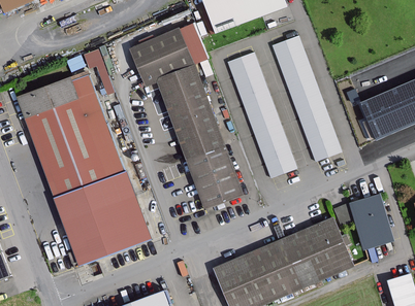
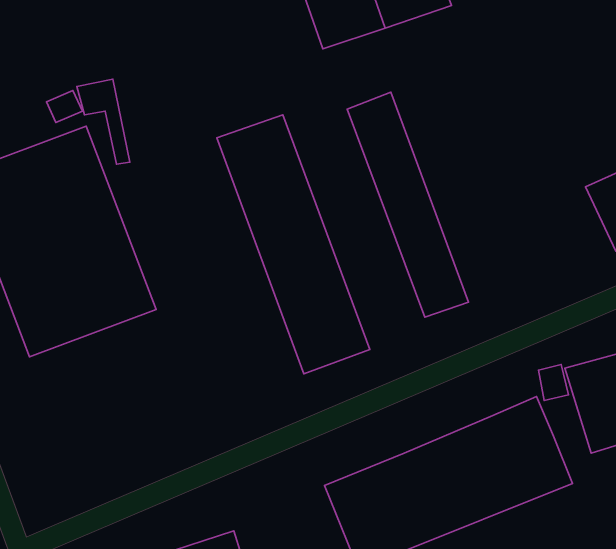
building: [132,25,204,82] -> none
building: [274,36,341,160] -> none
building: [56,171,151,263] -> none

